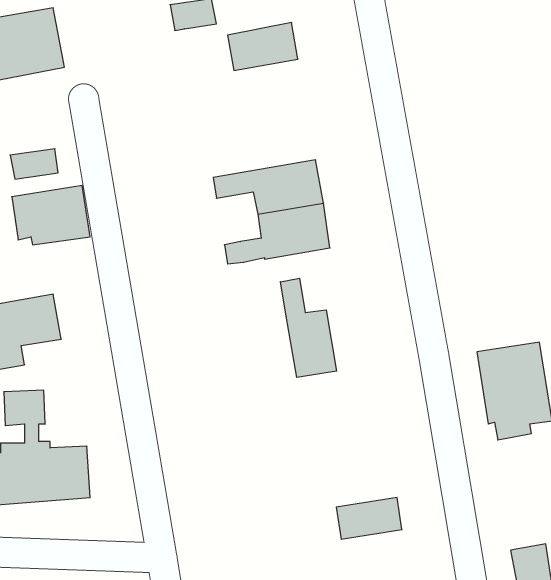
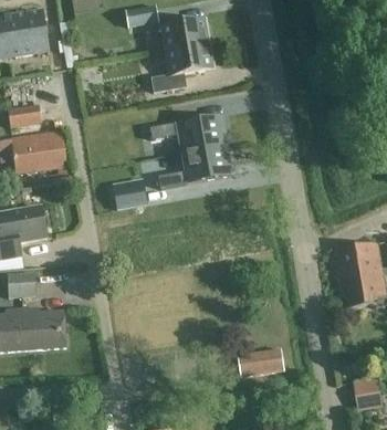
building: none -> [151,44,213,93]
building: none -> [113,178,146,208]
building: [280,278,337,377] -> none

